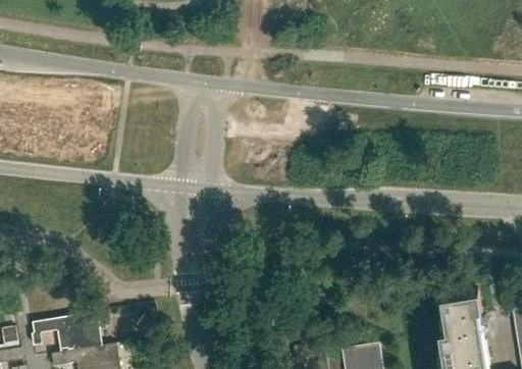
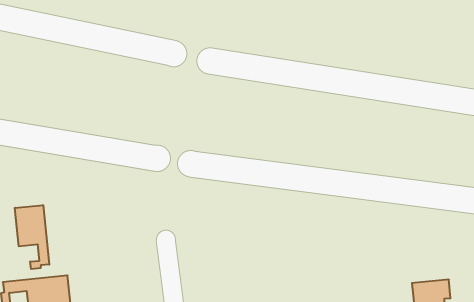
building: none -> [15,205,49,269]

